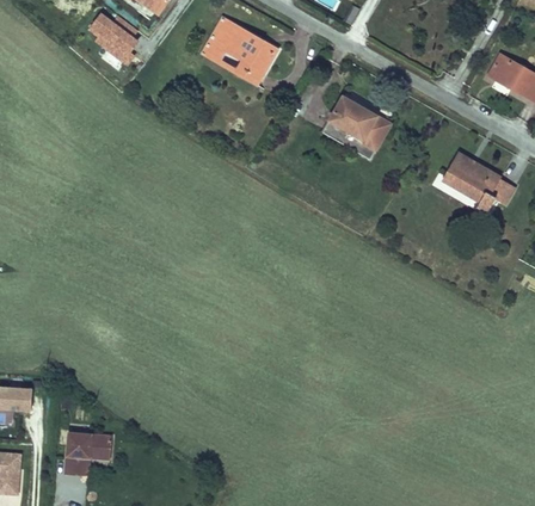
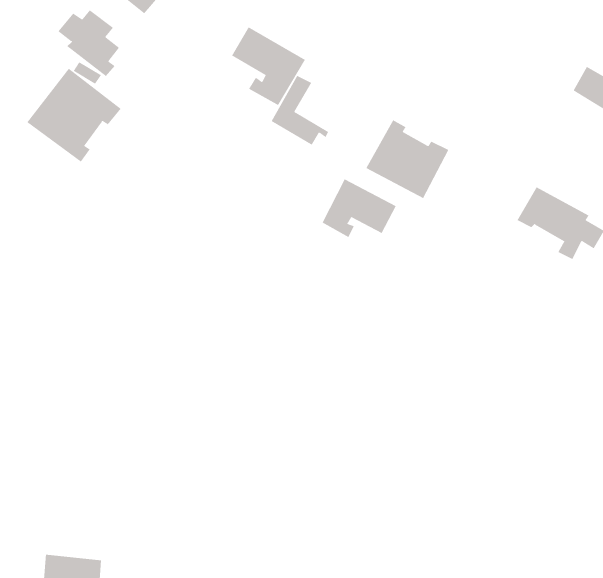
building: [202,17,247,72] -> [271,75,329,145]
building: none -> [27,68,122,162]
building: none -> [322,178,396,238]

